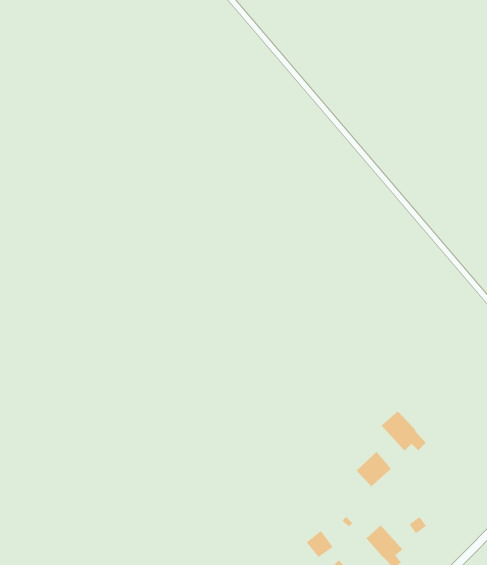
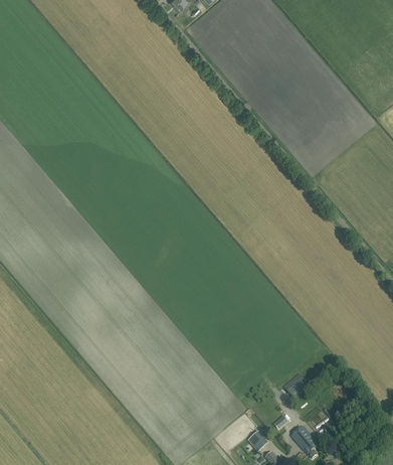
building: [381,411,427,452] -> none

